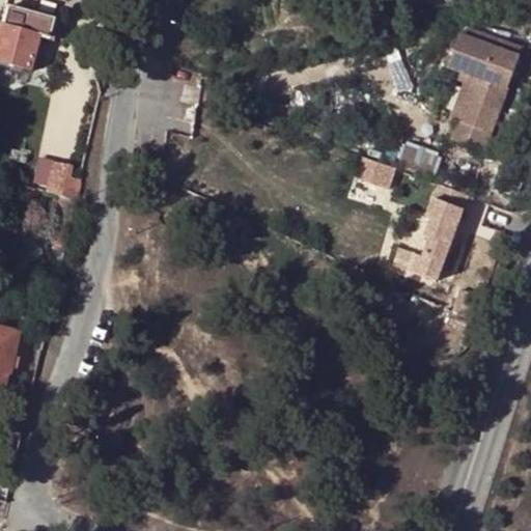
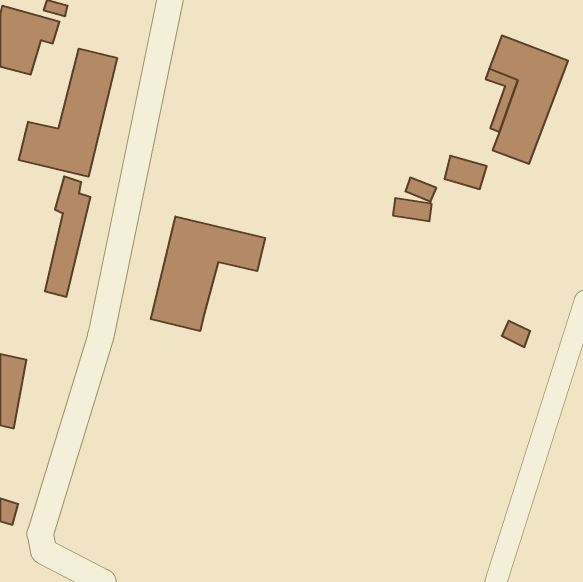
building: none -> [19,49,117,177]
building: [419,176,468,274] -> none
building: none -> [151,216,265,331]

